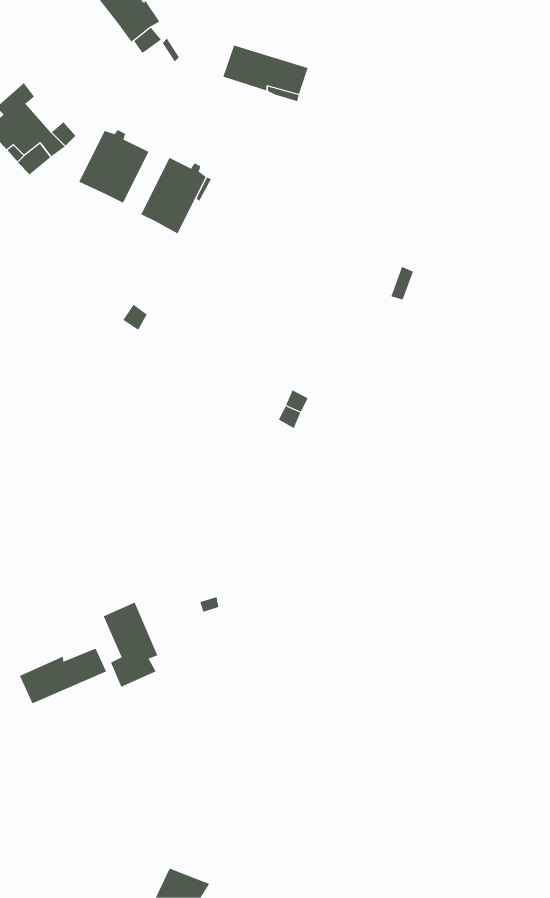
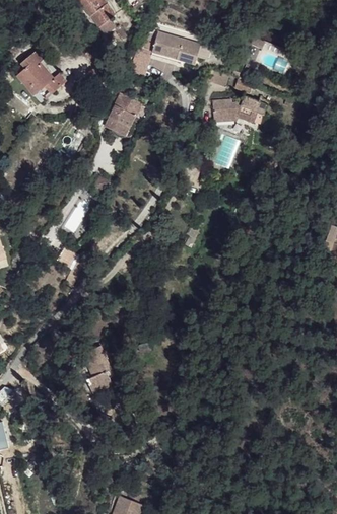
building: [79,129,149,204] -> none
building: none -> [211,95,269,123]
building: [19,648,107,704] -> none

